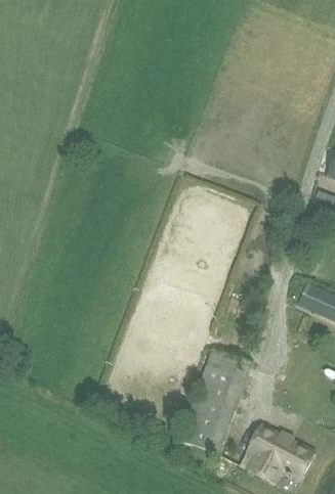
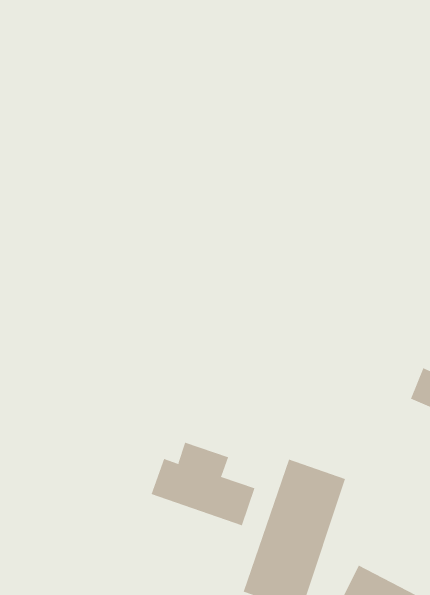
building: none -> [151,442,255,526]

